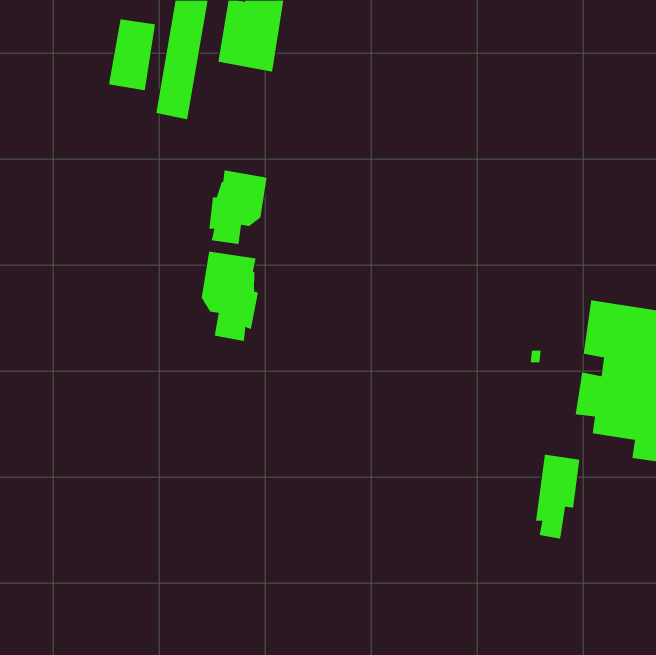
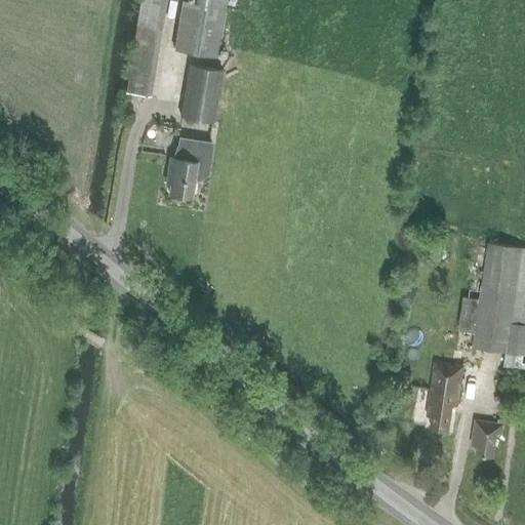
building: [108,19,156,91] -> [181,66,219,123]
building: [201,251,259,342] -> none
building: none -> [473,421,504,458]

